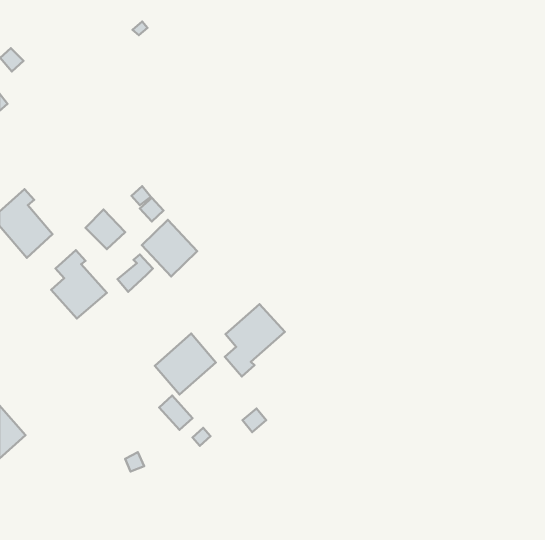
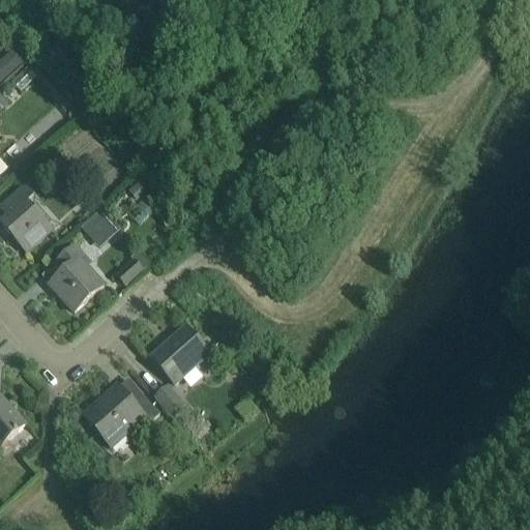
building: [142,220,197,276] -> none
building: [225,304,285,376] -> none
building: none -> [83,383,158,444]

